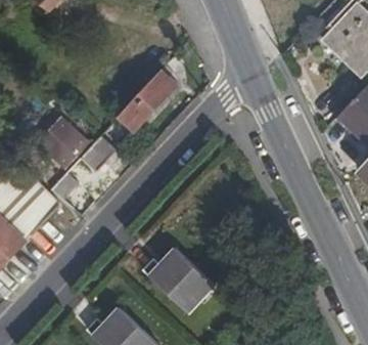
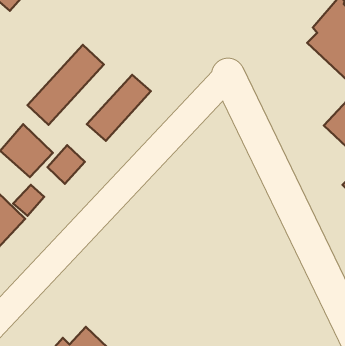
building: none -> [28,45,104,125]
building: [142,246,215,312] -> none

